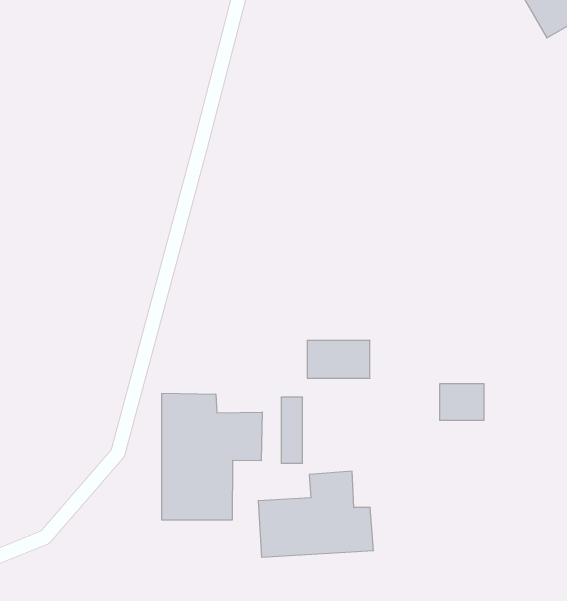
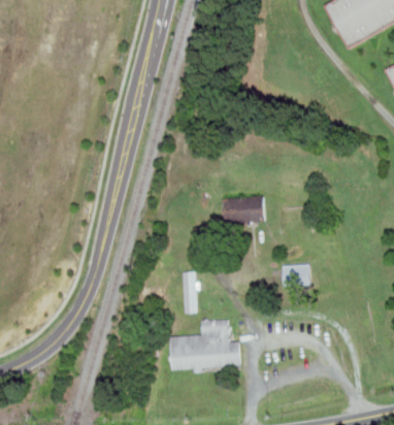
building: [307,340,370,378] -> [225,198,264,222]
building: [162,393,262,520] -> none

